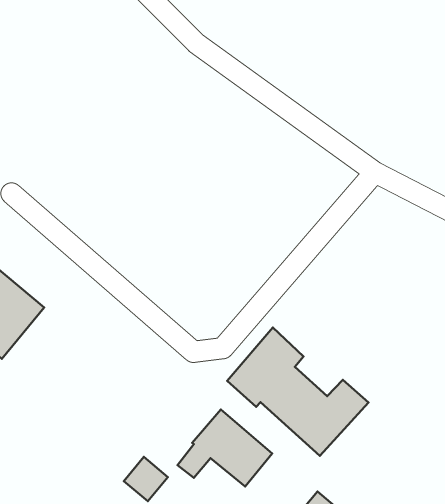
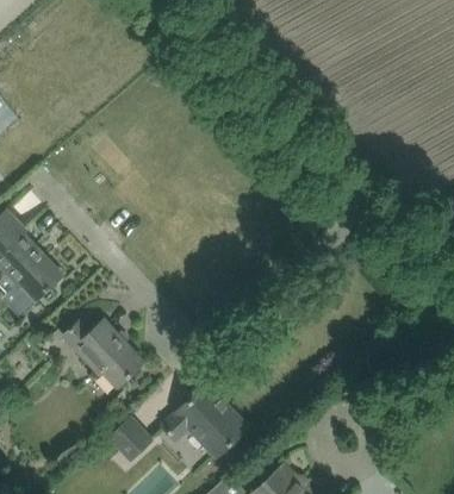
building: [227,328,368,456] -> none
building: none -> [63,320,143,387]

